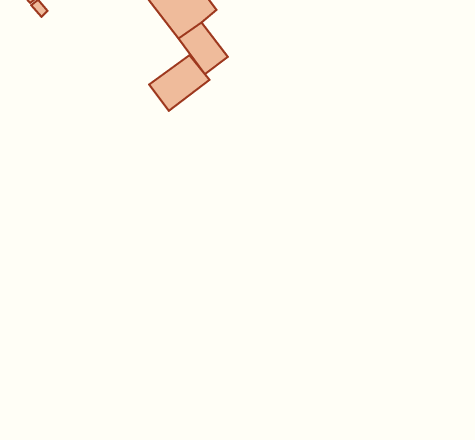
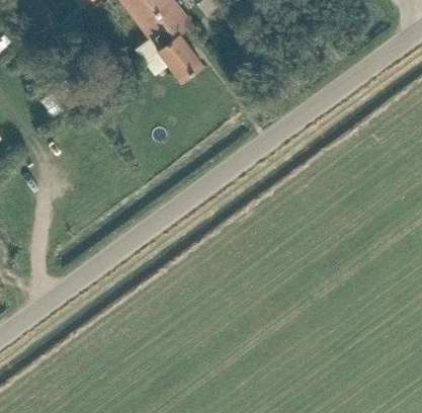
building: [149,55,210,111] -> none

